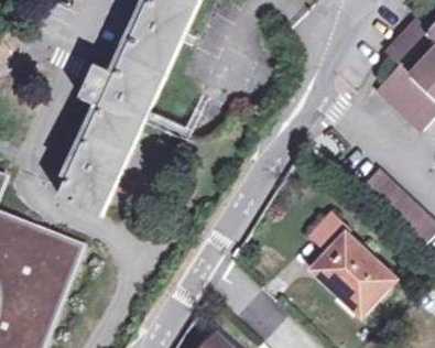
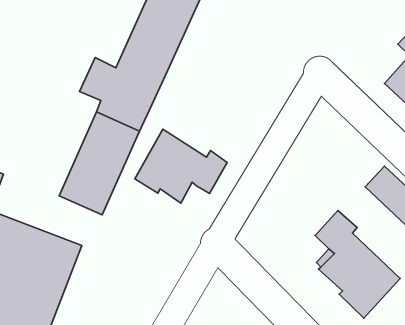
building: none -> [135,129,227,203]

